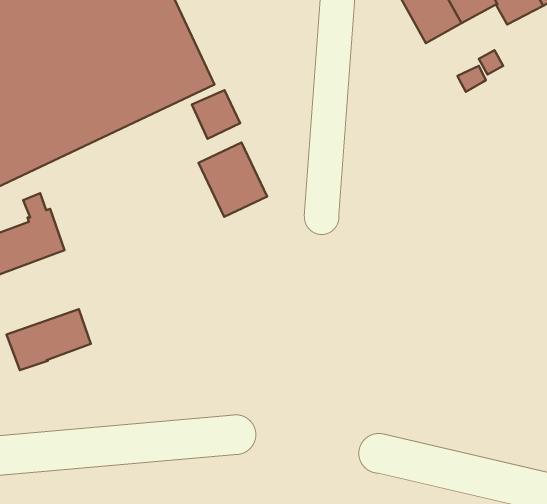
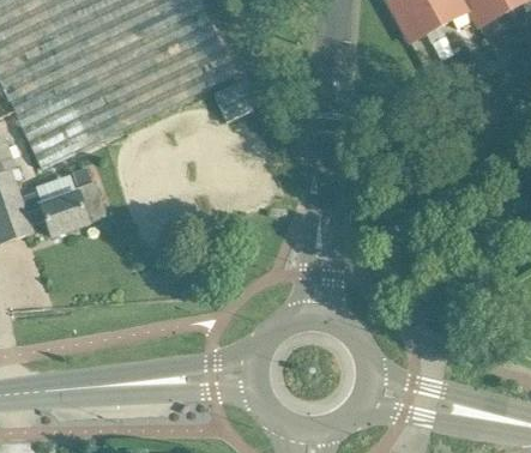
building: [198,143,267,217] -> none
building: [6,309,91,370] -> none

